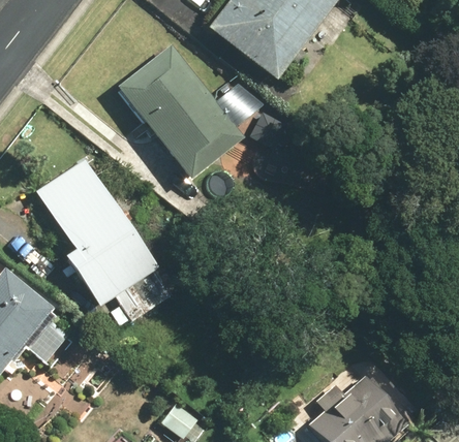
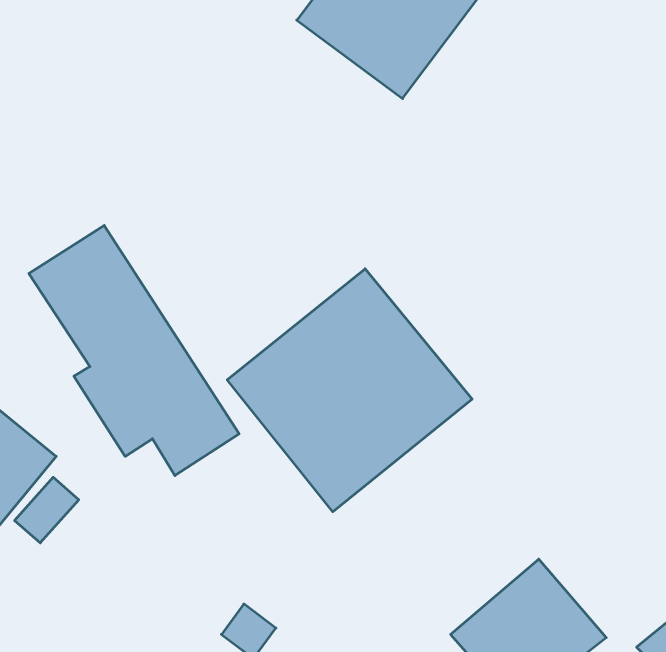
building: [117,45,269,179] -> none
building: none -> [227,269,472,512]

